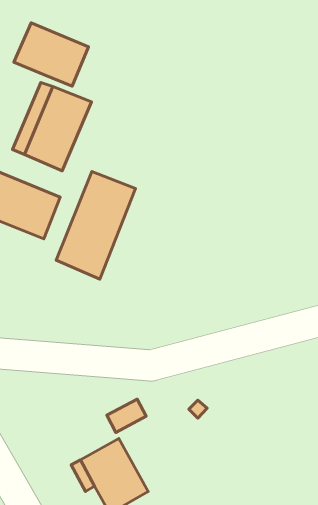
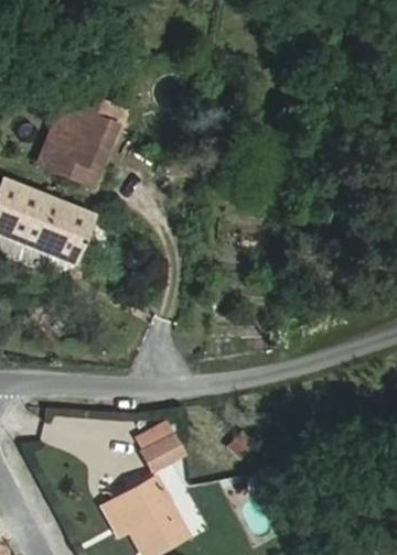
building: [14,23,89,86] -> none
building: [56,172,136,279] -> none

